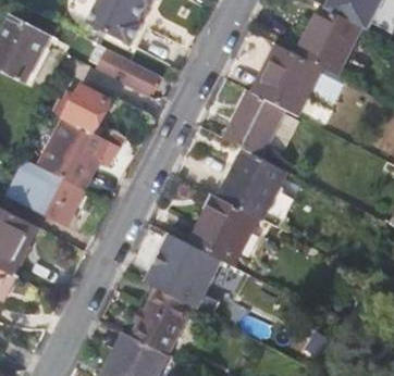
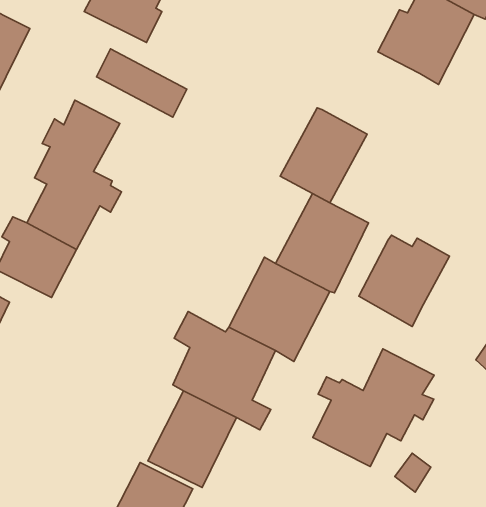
building: [254,42,322,114] -> none
building: none -> [359,235,449,327]
building: none -> [313,349,434,466]

